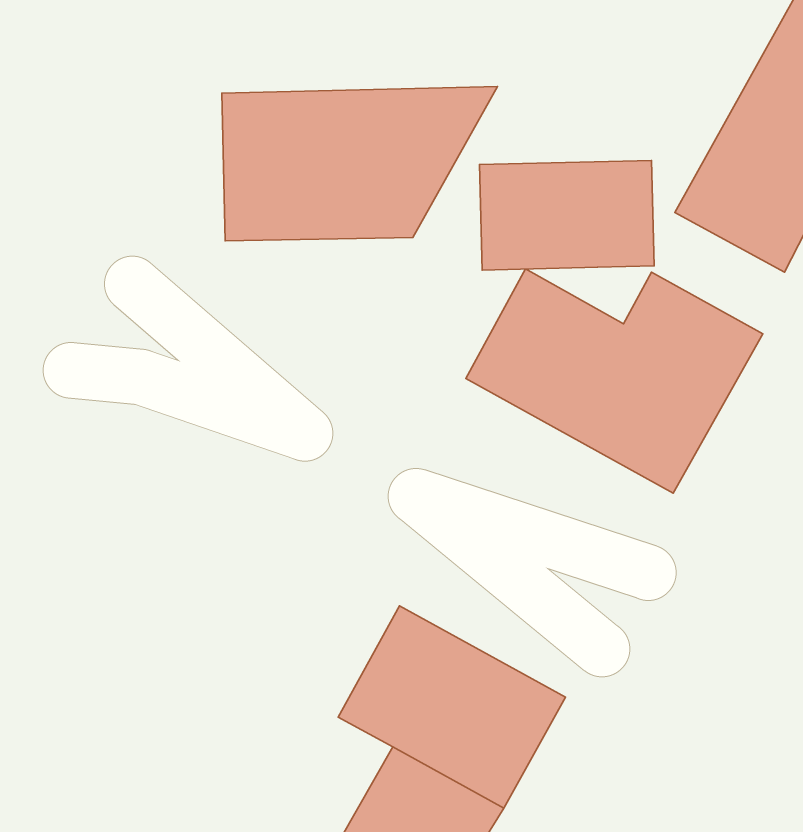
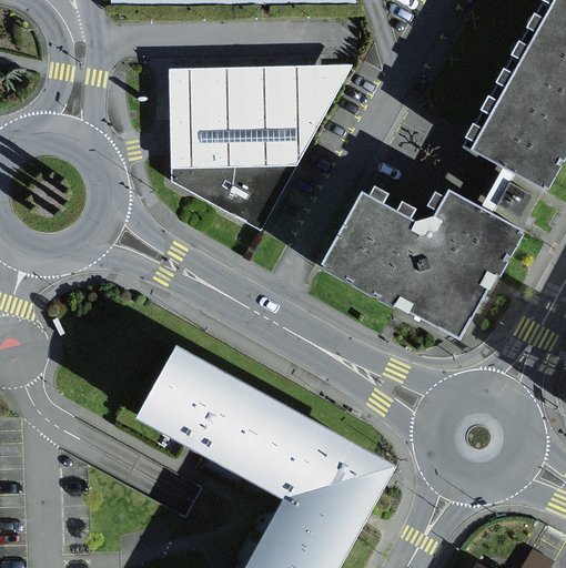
building: [479,161,654,270] -> none
building: none -> [170,163,295,229]
building: none -> [134,347,286,484]

